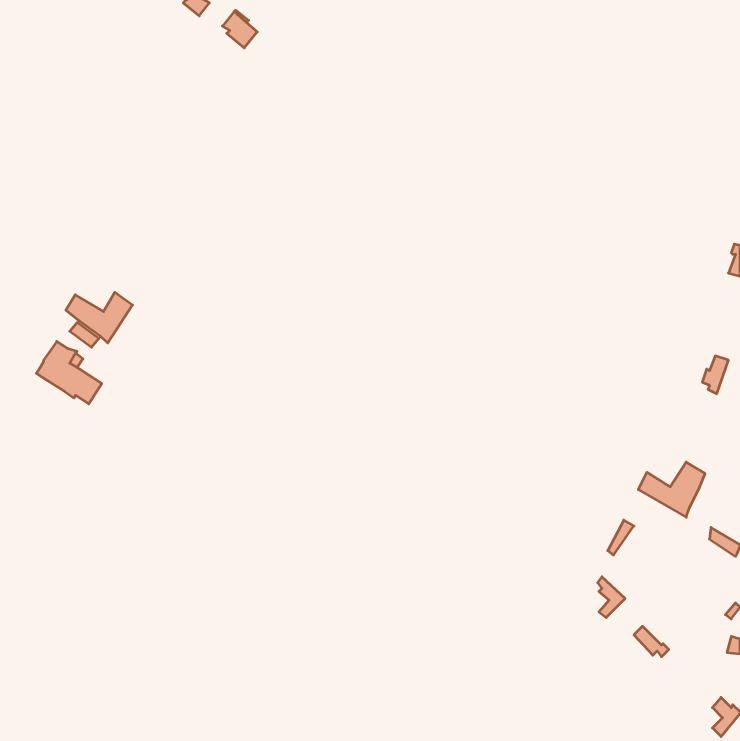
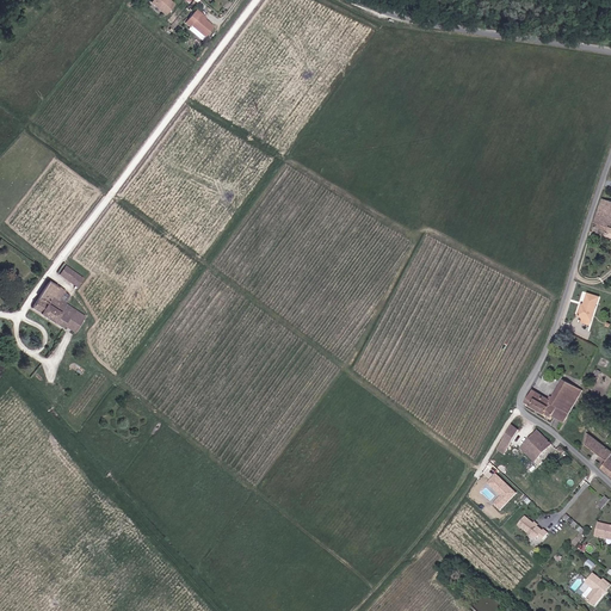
building: [66,292,133,343] -> none
building: none -> [518,430,551,462]

